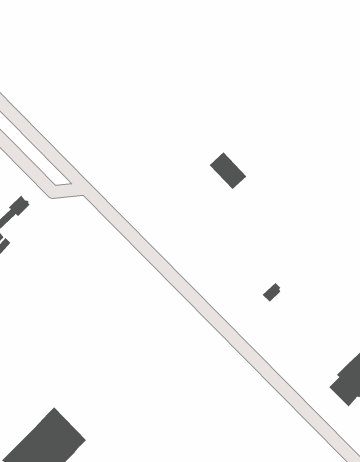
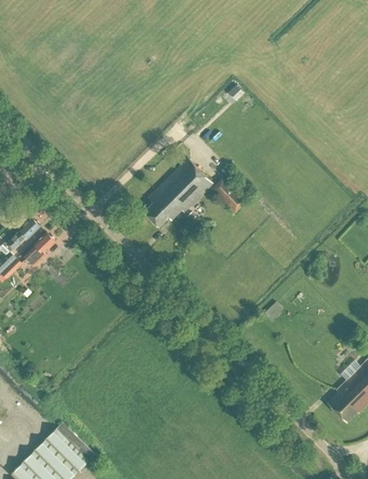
building: none -> [144,157,213,228]
building: none -> [25,232,56,267]

